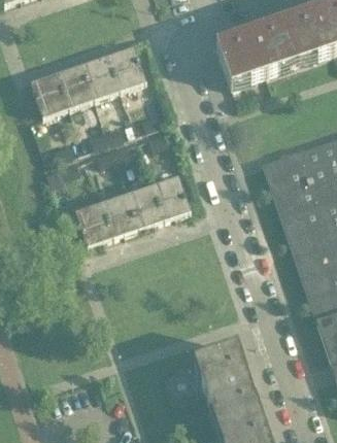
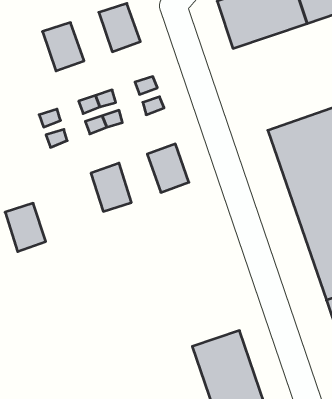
building: [82,54,121,98] -> none
building: [30,71,69,115] -> none
building: [127,183,165,228] -> none
building: [75,201,112,245] -> [5,203,46,252]

